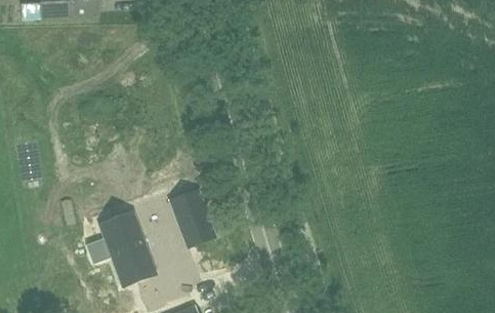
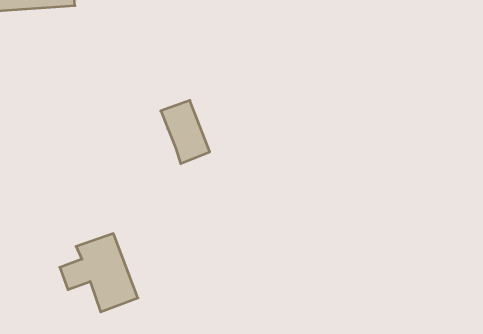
building: [171,191,214,246] -> [161,100,210,164]

